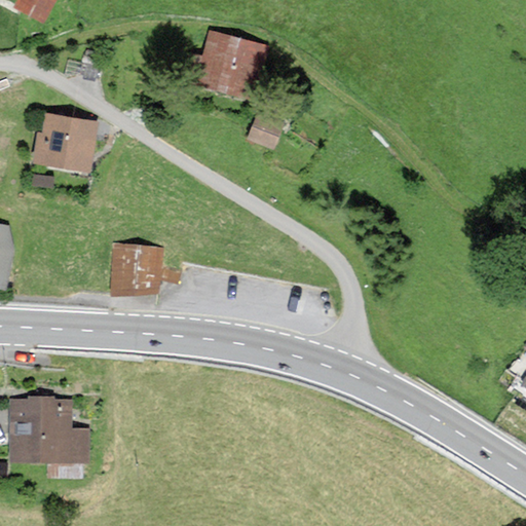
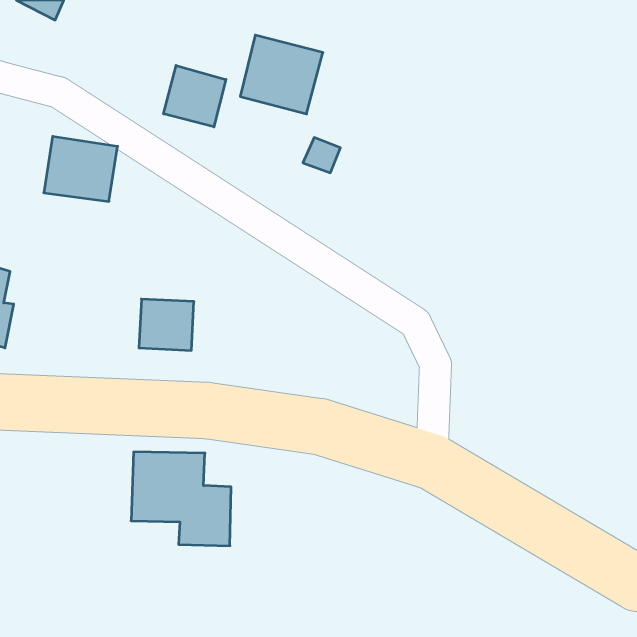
building: none -> [164,65,226,127]
building: [8,400,90,477] -> [131,452,231,546]

